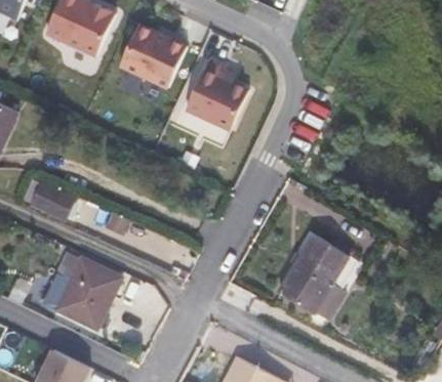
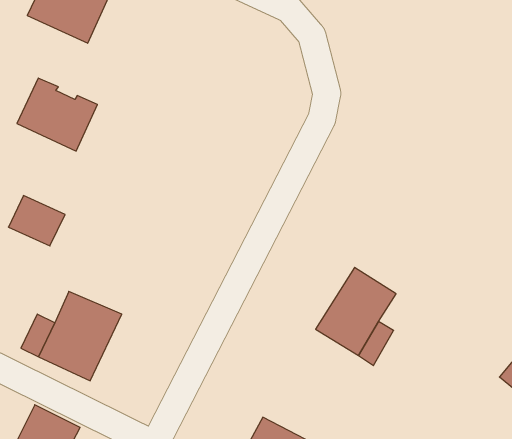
building: [120,26,186,85] -> [17,78,97,151]
building: [185,58,247,130] -> none

